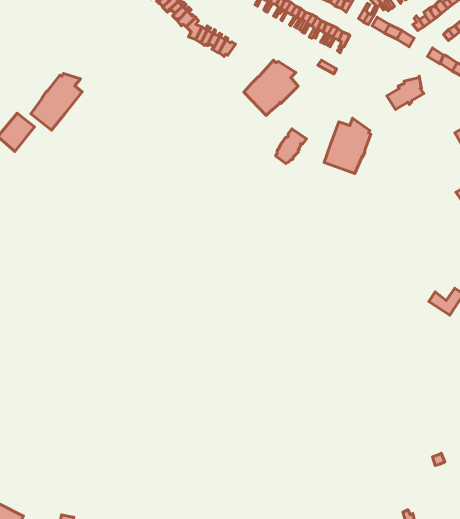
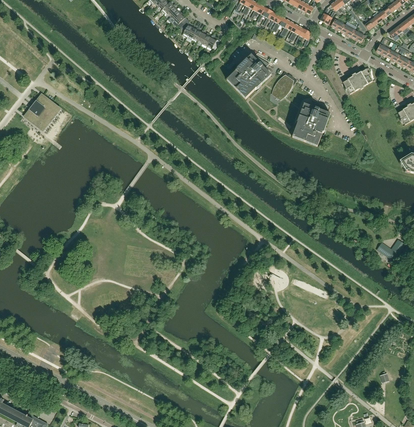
building: [31,74,82,130] -> none
building: [276,129,307,163] -> [271,72,296,100]

